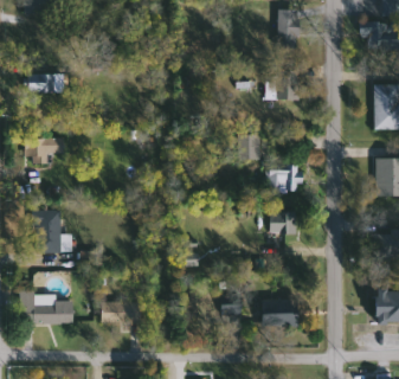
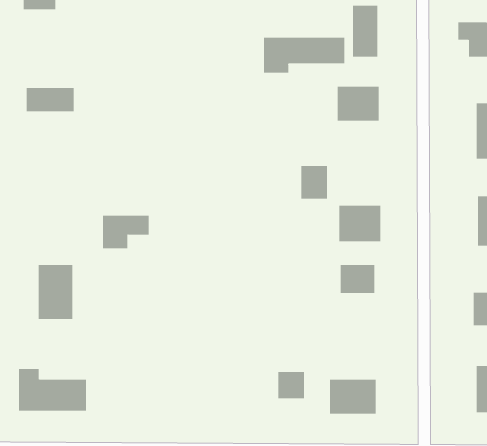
building: none -> [263,37,345,73]
building: [27,139,64,165] -> [102,215,149,249]
building: [102,302,141,322] -> none

